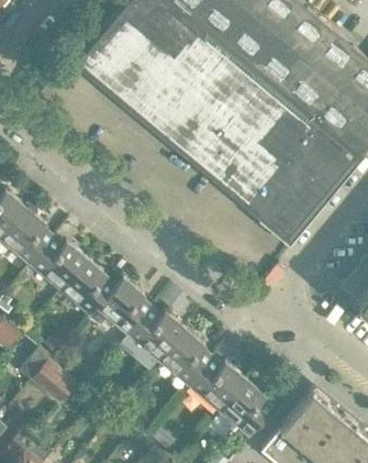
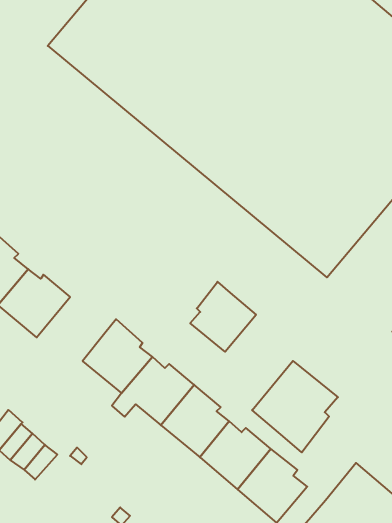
building: none -> [190,282,256,352]
building: [63,261,116,318] -> none
building: none -> [252,361,338,452]

